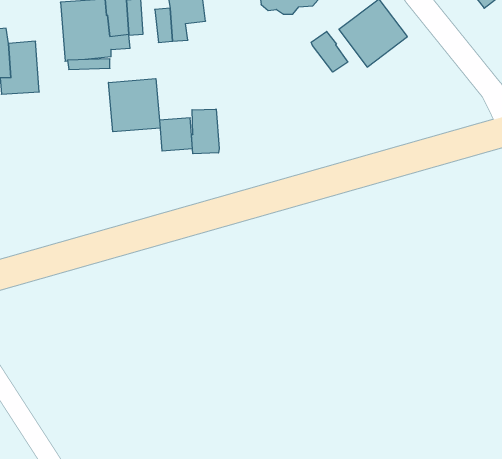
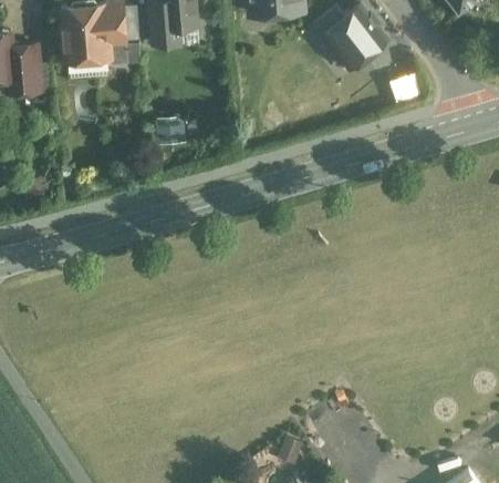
building: [311,31,348,72] -> none
building: [109,79,160,132] -> none
building: [192,109,219,154] -> none

